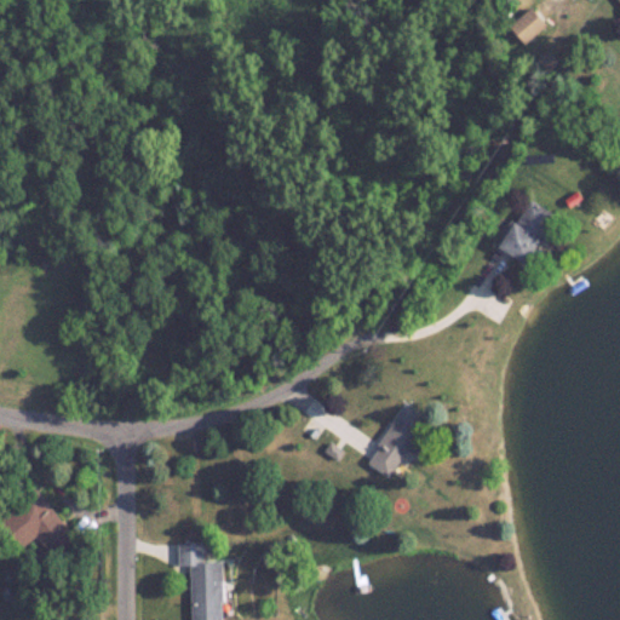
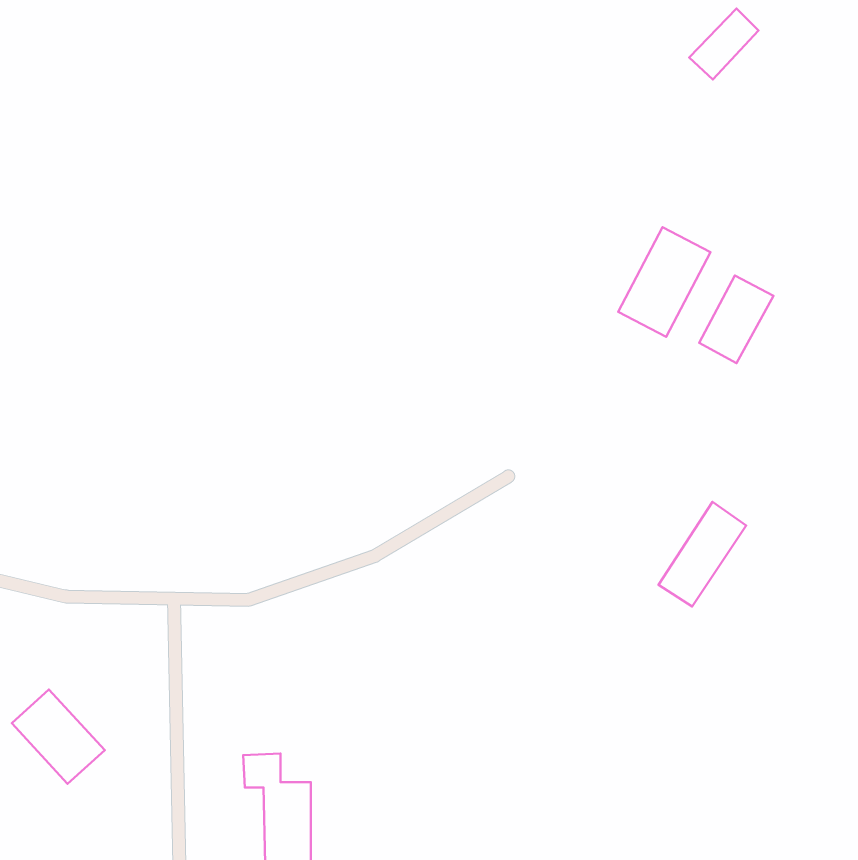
building: none -> [618,227,711,337]
building: [364,404,427,480] -> [658,502,746,607]

